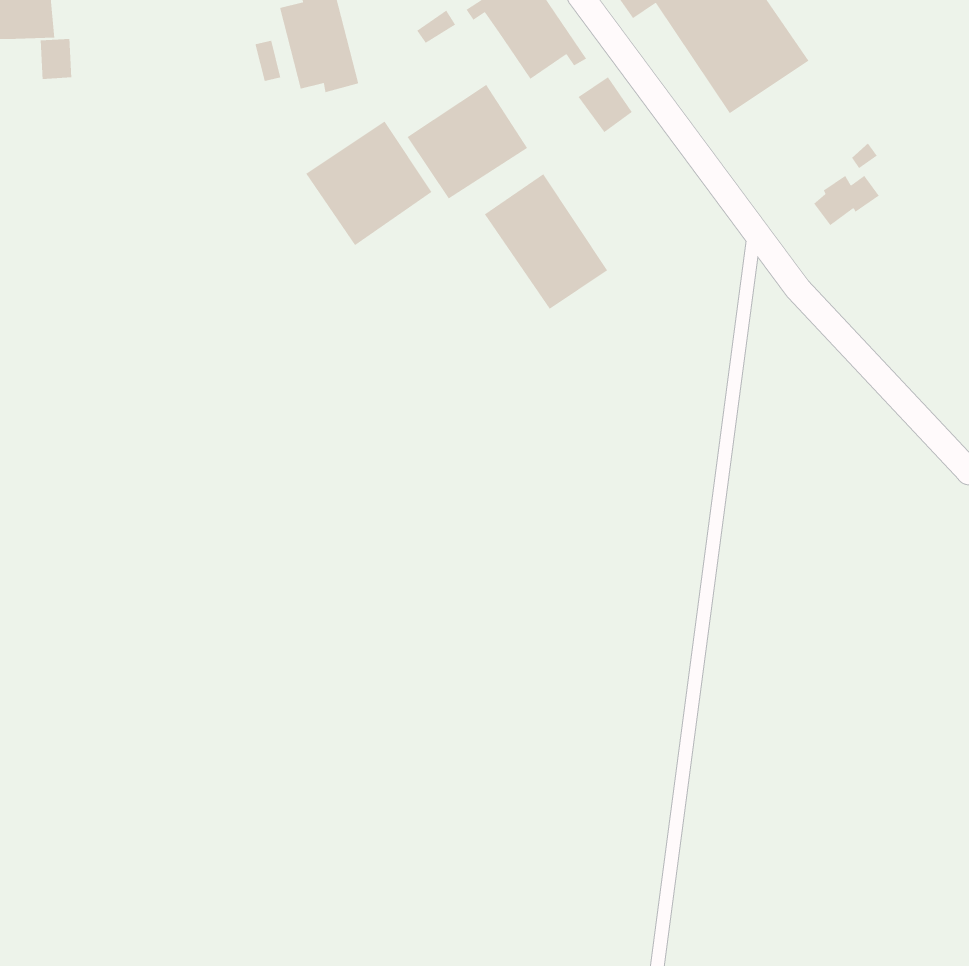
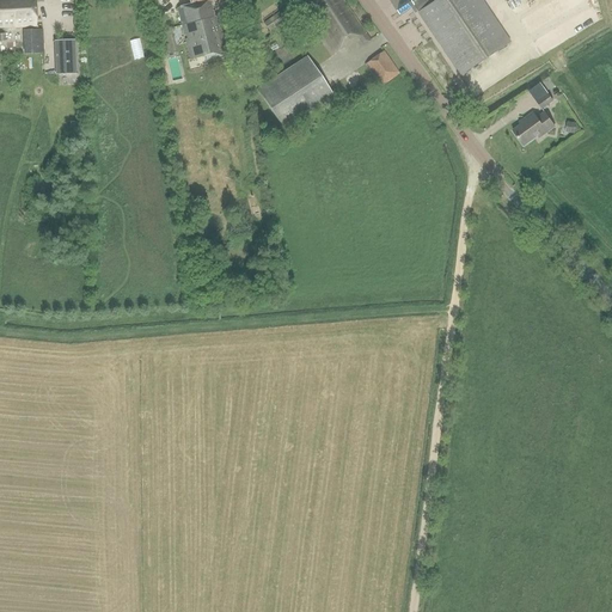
building: none -> [54,37,74,72]
building: [305,120,433,246] -> none
building: [484,173,608,310] -> none

